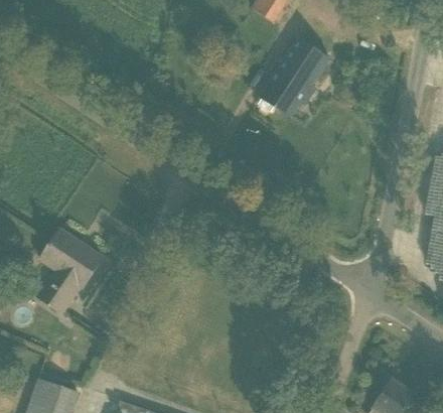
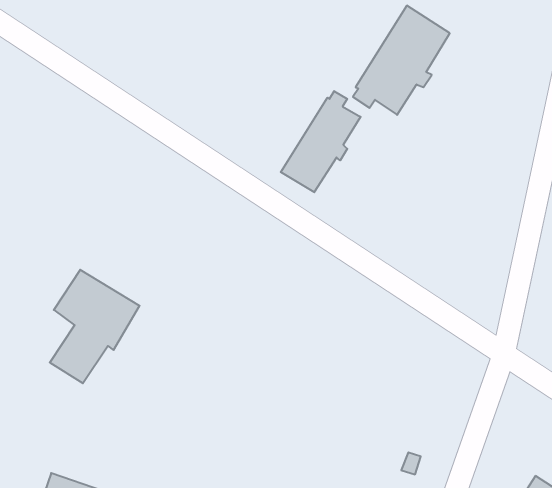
building: none -> [281,91,361,192]

